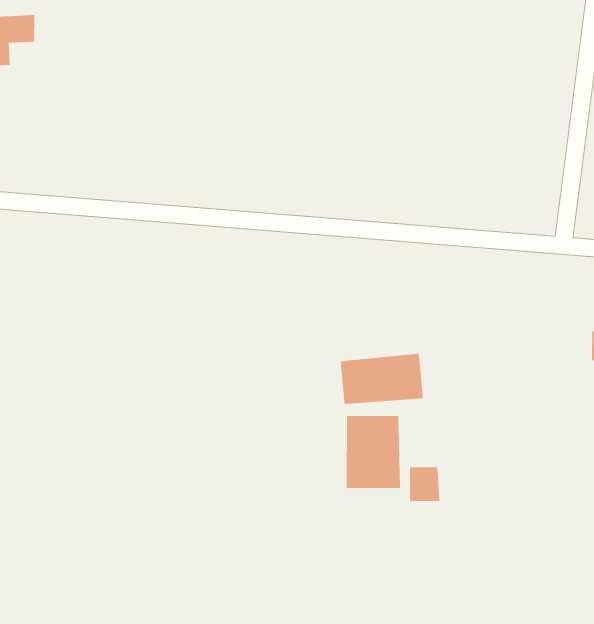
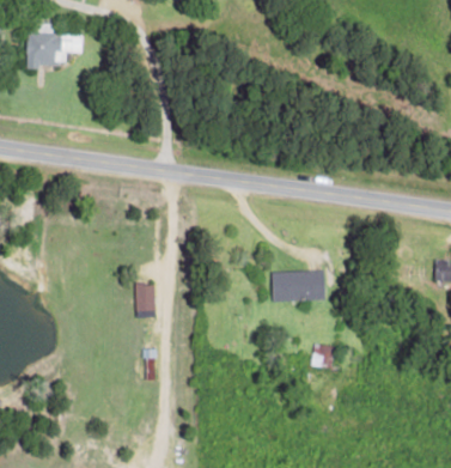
building: none -> [135,284,154,315]
building: [346,415,400,489] -> none

